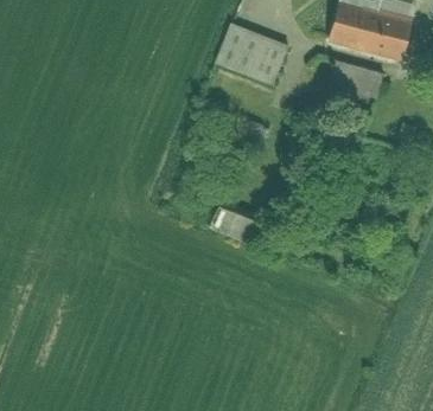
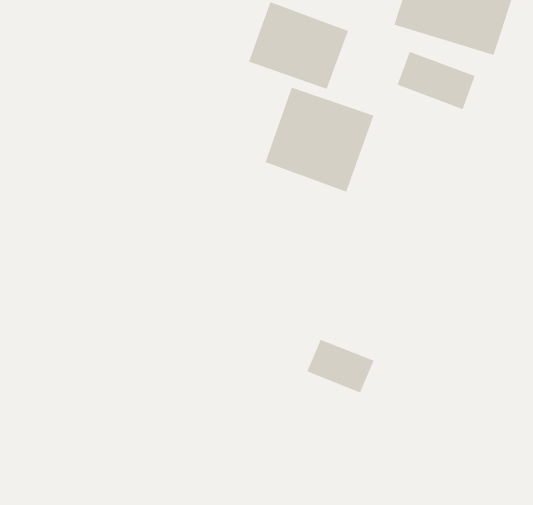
building: none -> [265,87,374,192]
building: [212,205,265,246] -> [306,339,374,393]

